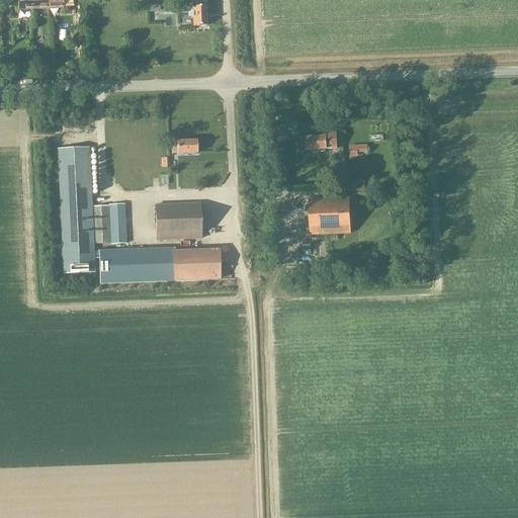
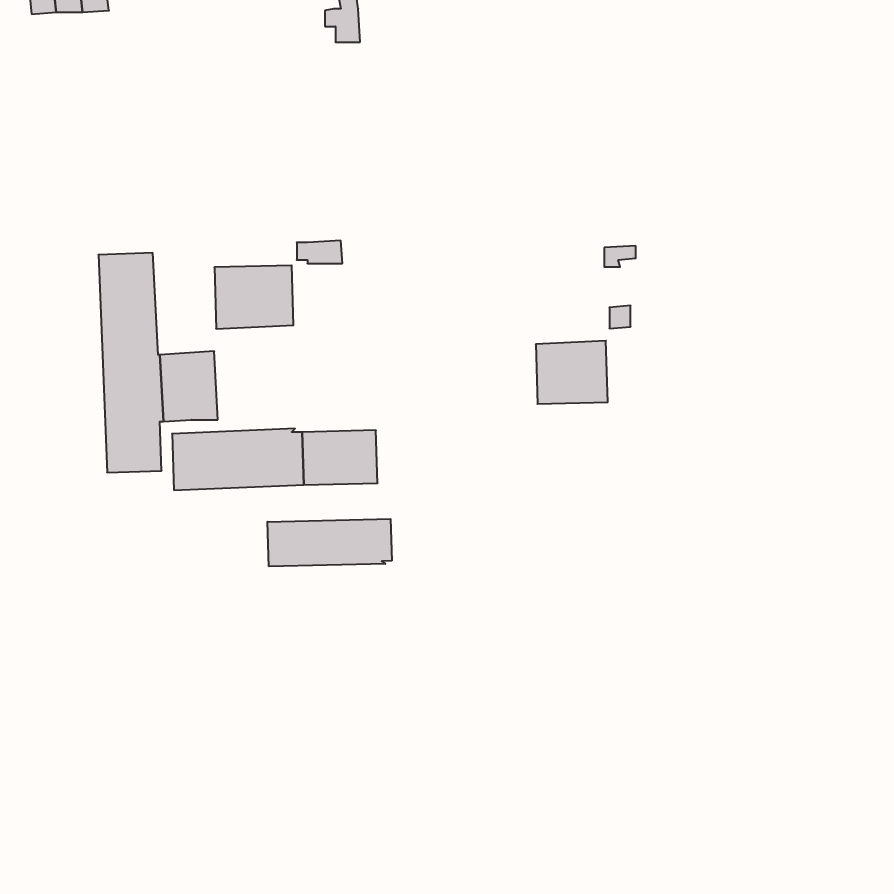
building: [309,131,339,150] -> none
building: [157,202,202,239] -> [214,265,293,329]
building: none -> [267,519,392,566]

